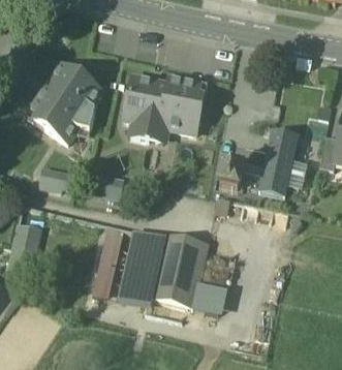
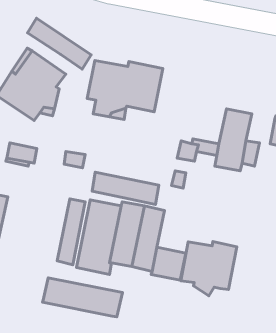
building: none -> [28,18,91,69]
building: none -> [92,172,159,204]
building: none -> [181,241,237,296]
building: none -> [42,278,123,317]

